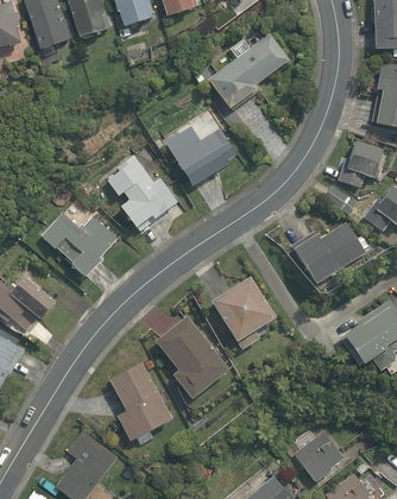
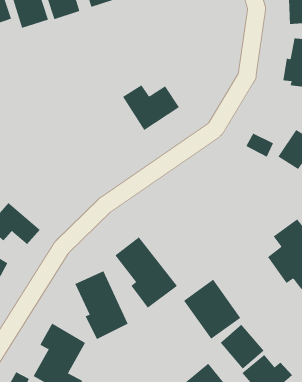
building: [208,33,290,112] -> none
building: [334,144,384,190] -> none
building: [103,156,181,230] -> none
building: [39,213,121,282] -> none
building: [294,222,370,285] -> none
building: [208,271,281,347] -> [183,279,241,340]

